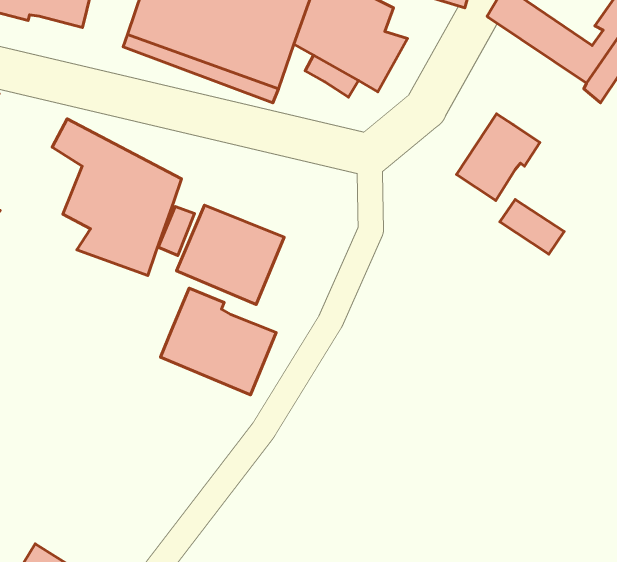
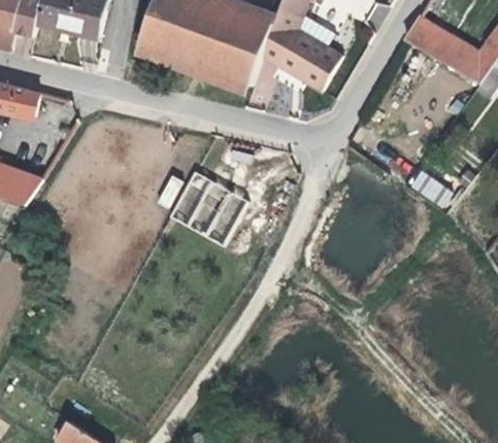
building: [456,114,540,200] -> none
building: [52,119,181,275] -> none
building: [160,288,276,395] -> none

